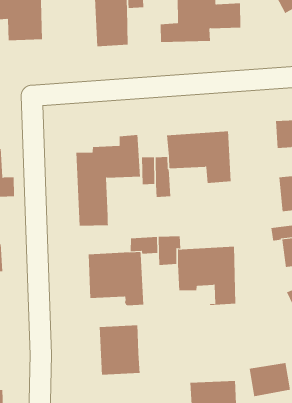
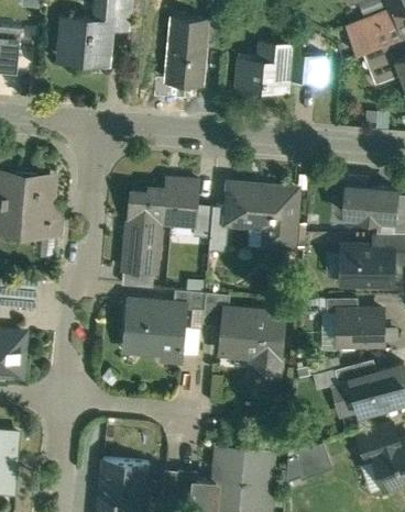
building: [99,324,140,375] -> none

